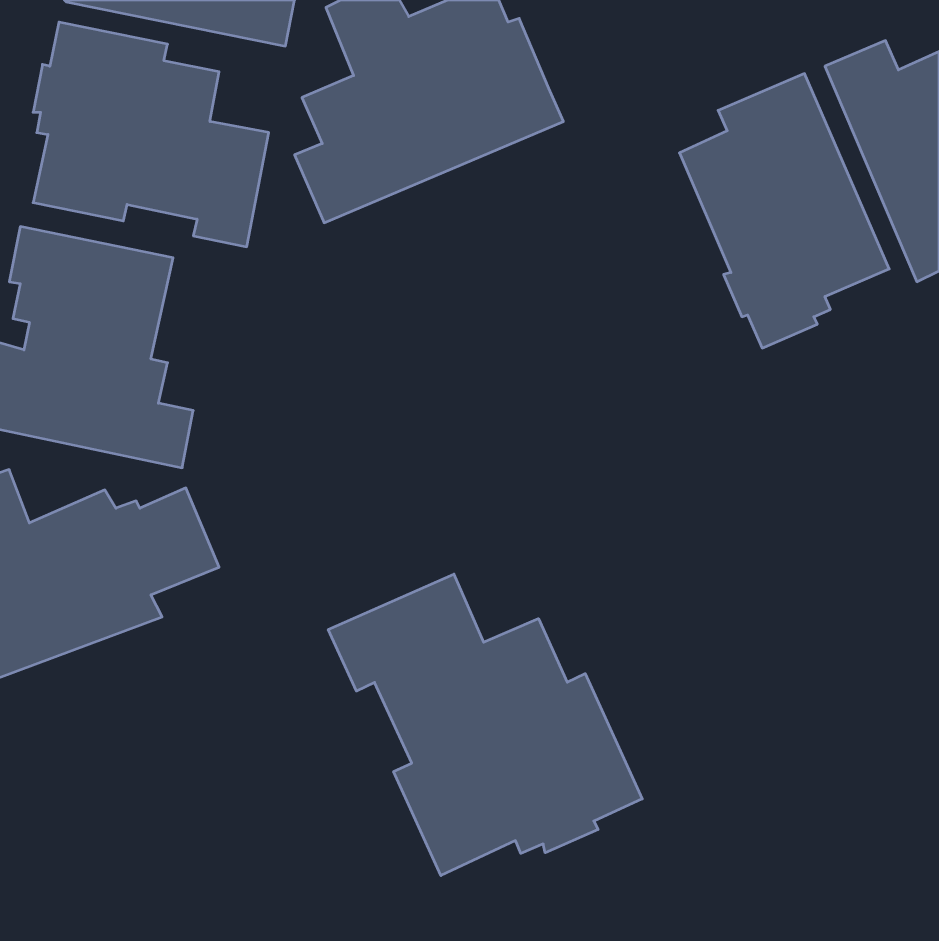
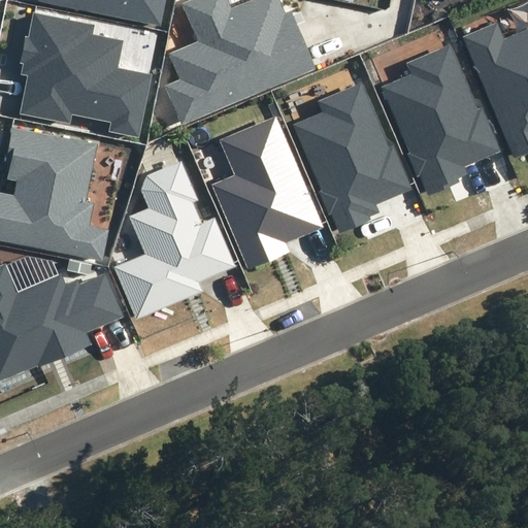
building: none -> [291,81,412,233]
building: none -> [210,117,322,269]
building: none -> [112,160,235,320]
building: [328,574,642,876] -> none

